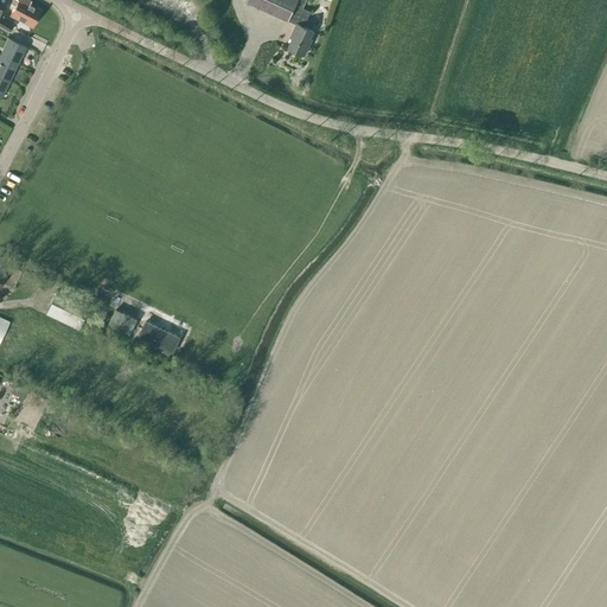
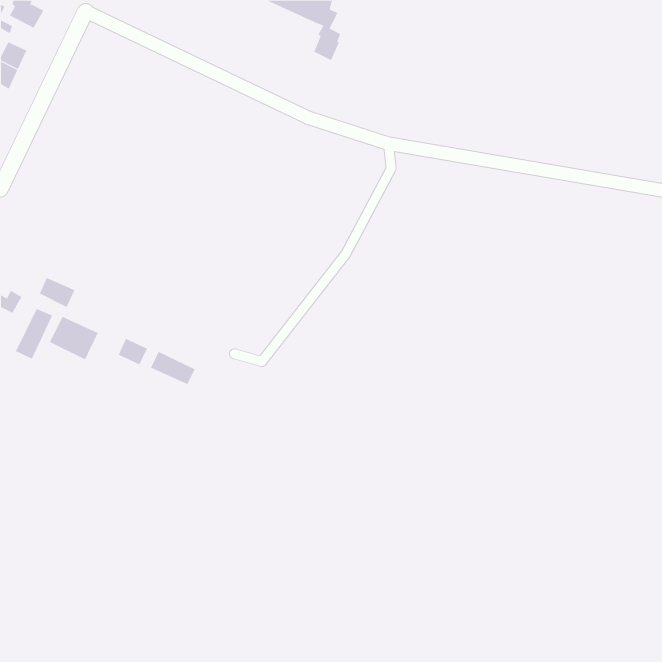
building: none -> [39,277,75,308]
building: none -> [15,308,53,360]

